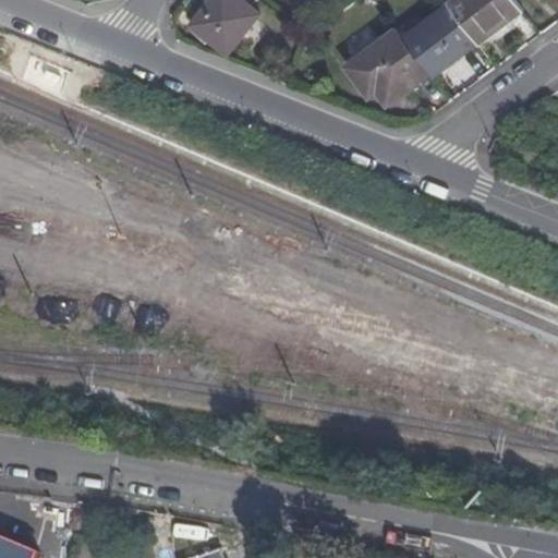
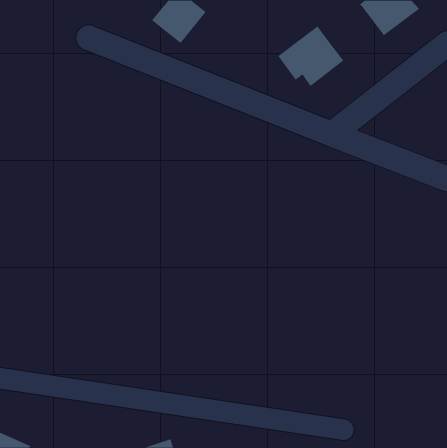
building: [403,8,474,77] -> none

